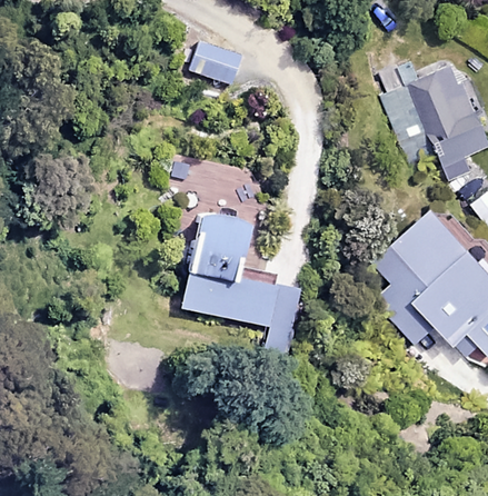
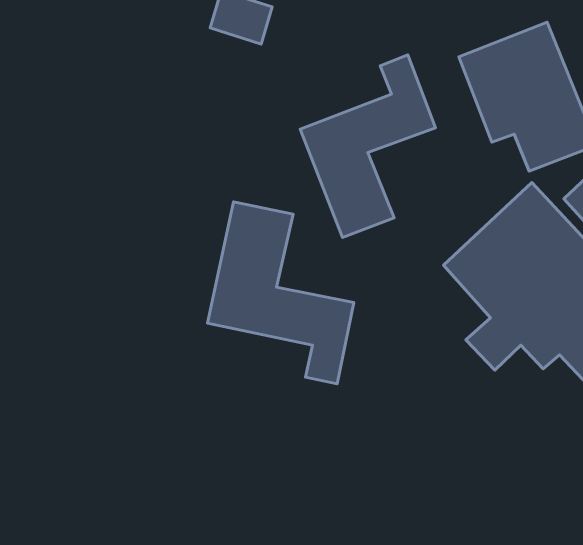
building: none -> [300,55,435,238]

